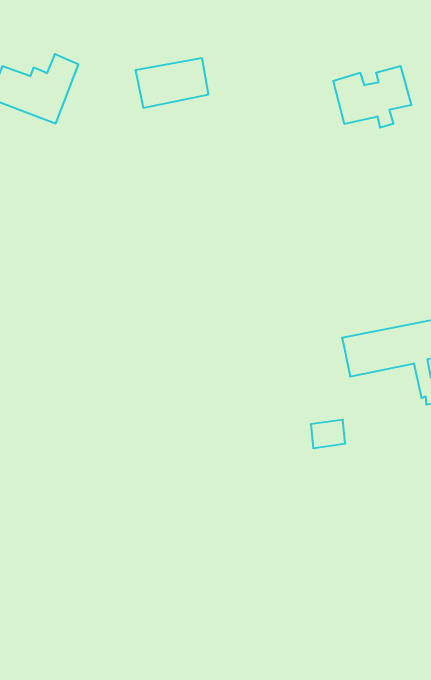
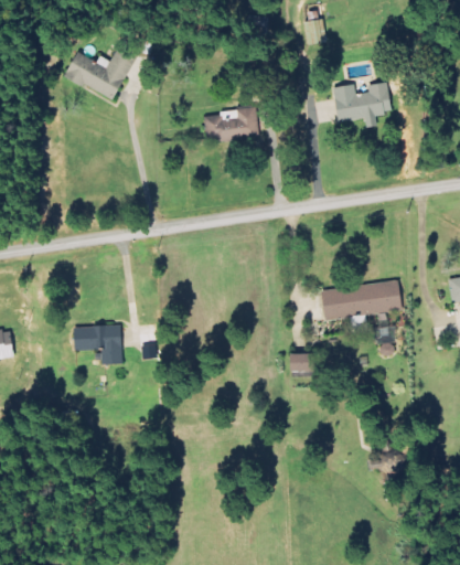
building: [135,58,208,108] -> [203,109,258,143]
building: none -> [73,326,121,364]

